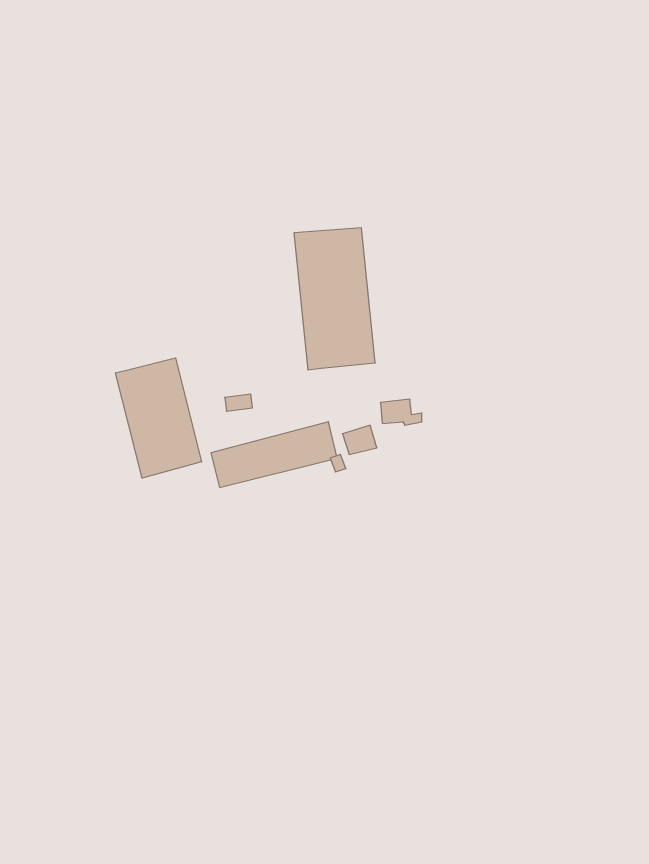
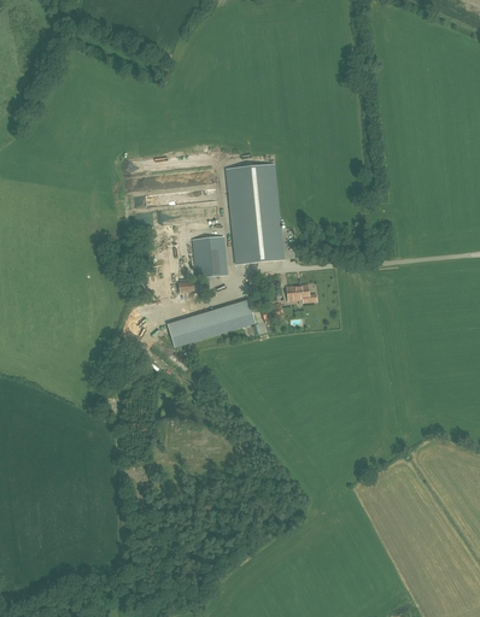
building: none -> [192,236,227,276]
building: [116,358,201,478] -> none

